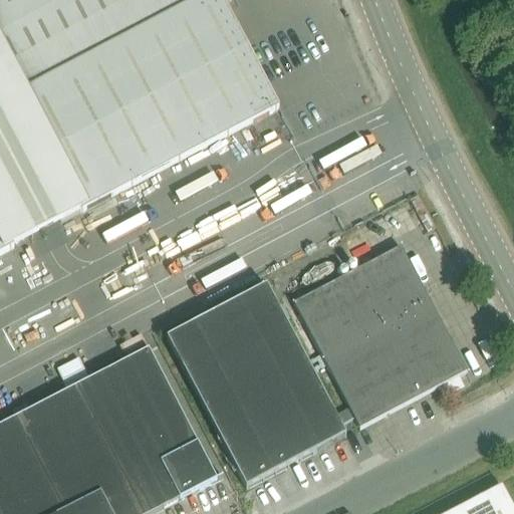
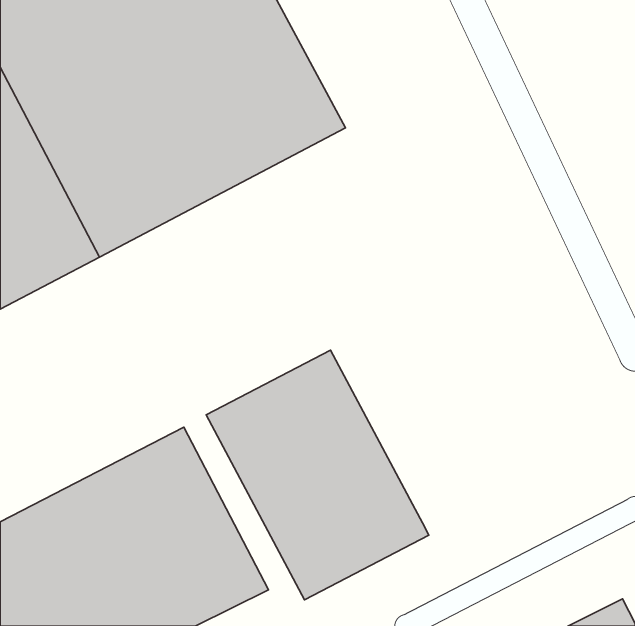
building: [294,244,466,425] -> none

